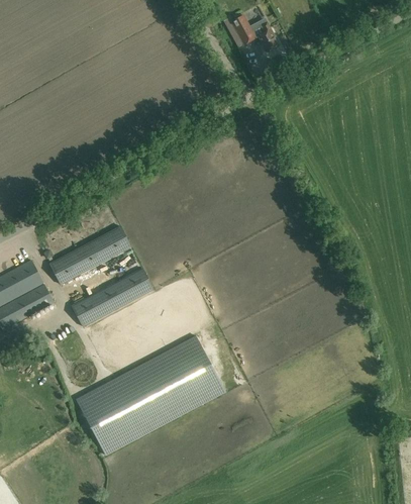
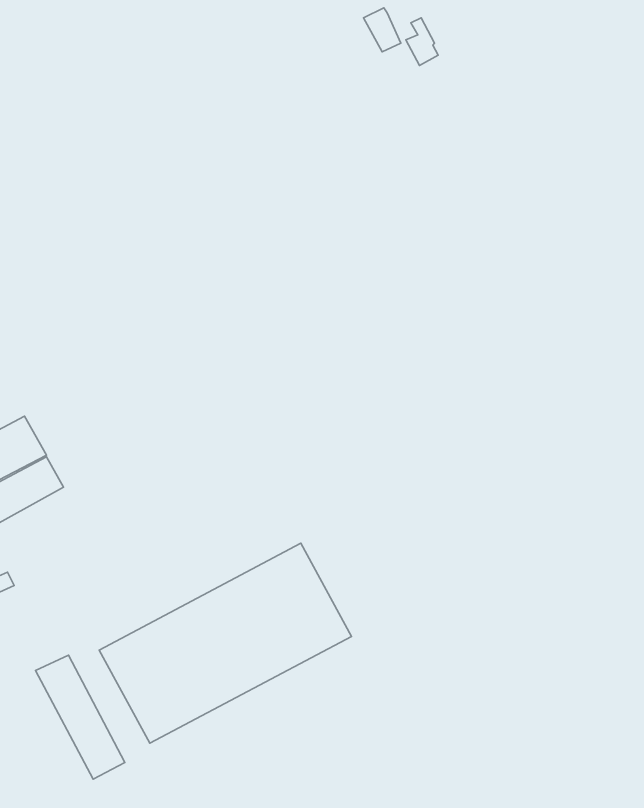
building: [48,226,130,284] -> none
building: [71,269,152,326] -> none
building: none -> [36,655,125,779]

